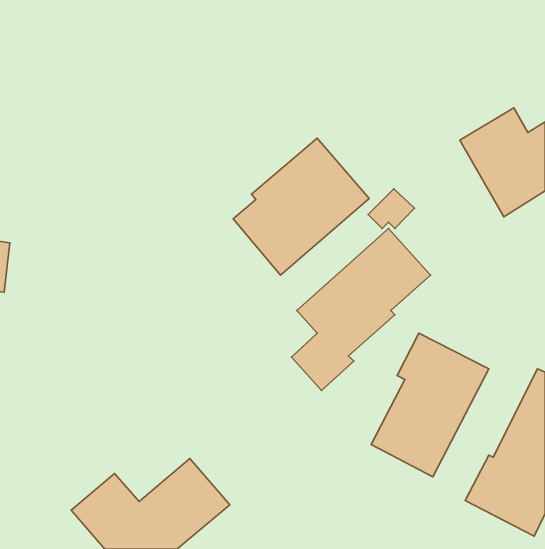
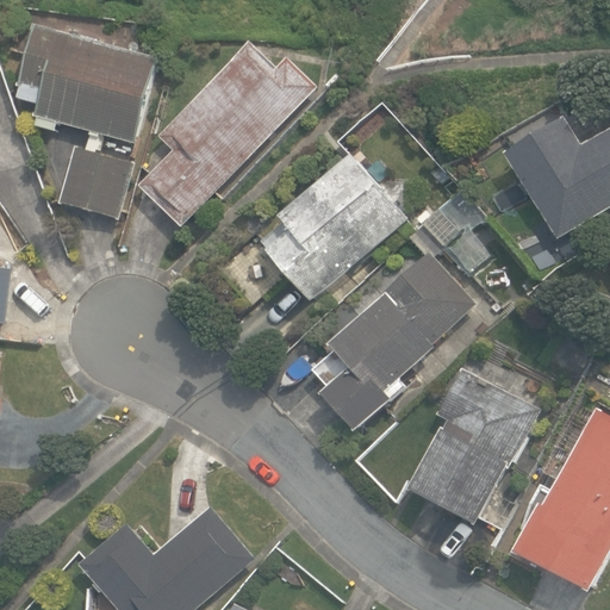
building: none -> [17,25,156,218]
building: none -> [137,42,316,228]

